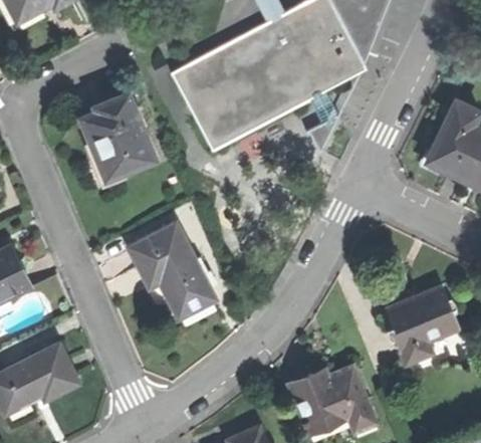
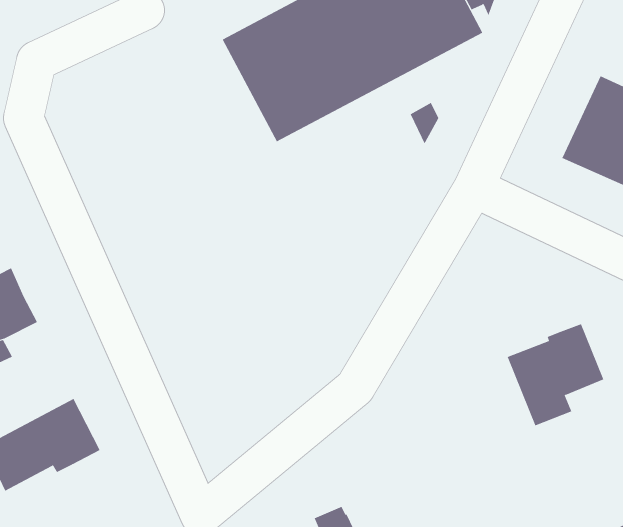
building: [79,94,154,181] -> none
building: [129,223,215,317] -> none
building: [287,366,376,435] -> none

